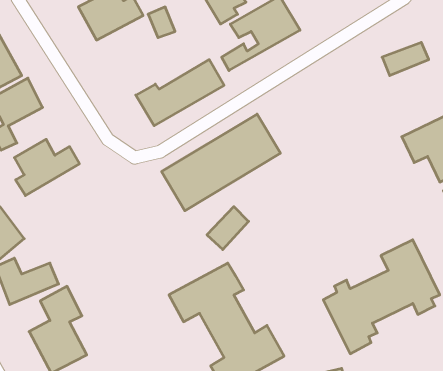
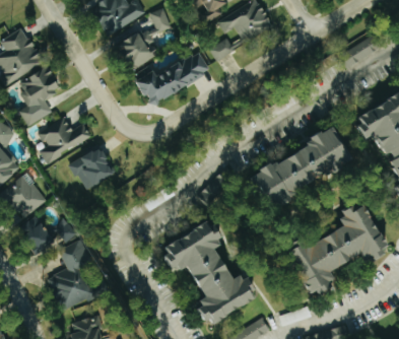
building: none -> [114,29,157,71]
building: [162,114,280,211] -> [255,127,353,207]
building: none -> [66,146,113,193]

